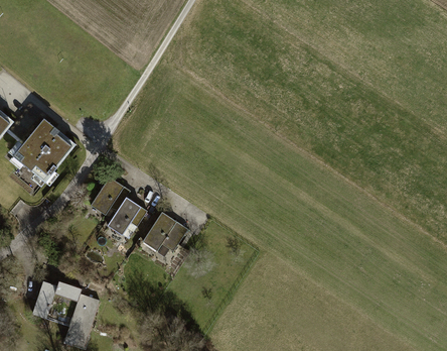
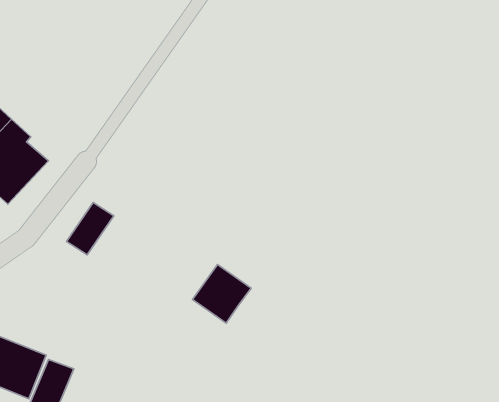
building: [106,196,146,240] -> none
building: [144,213,187,256] -> [192,264,251,323]

